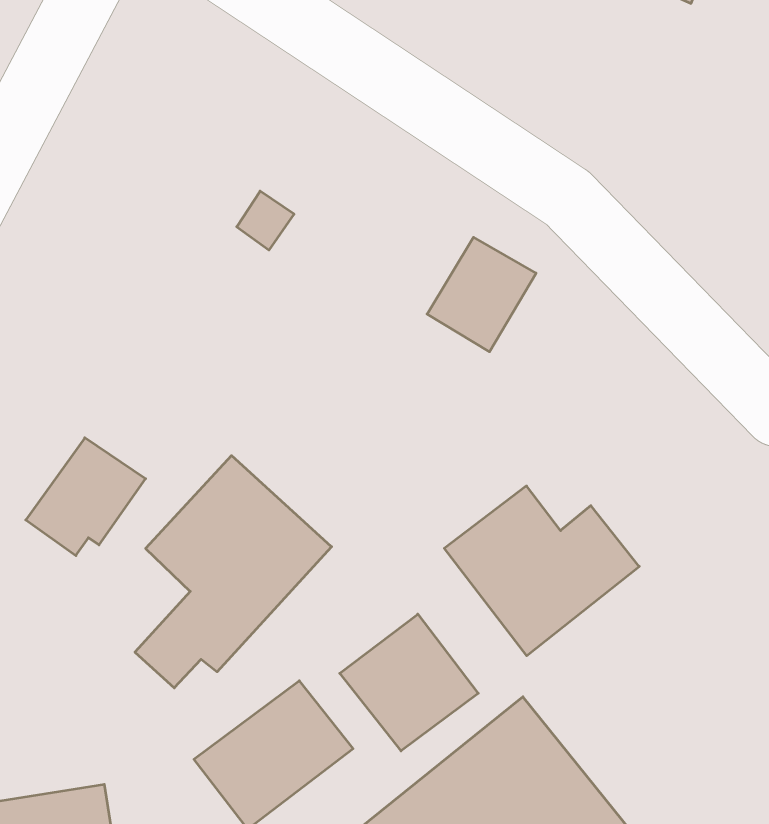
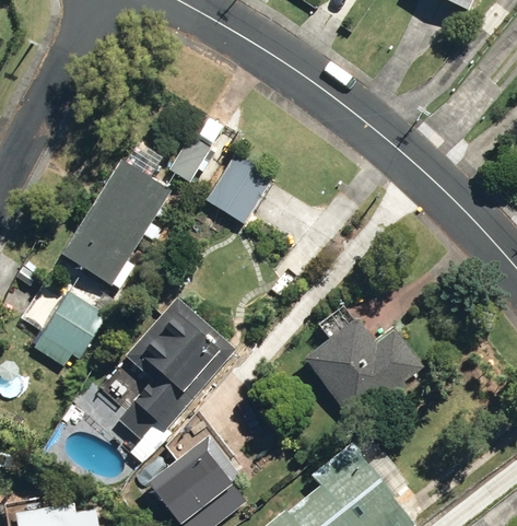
building: none -> [59,162,168,289]
building: [427,237,536,352] -> [207,155,273,225]
building: [340,614,478,751] -> none

